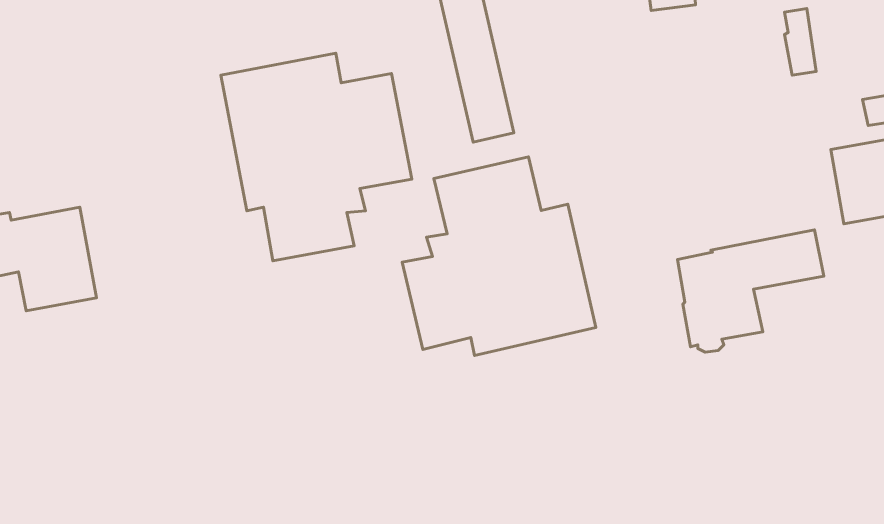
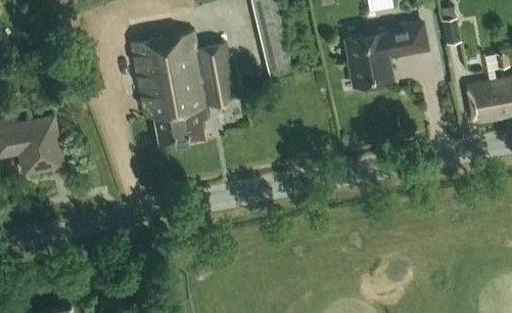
building: [402,157,596,355] -> none
building: [677,230,824,352] -> [346,24,427,91]

